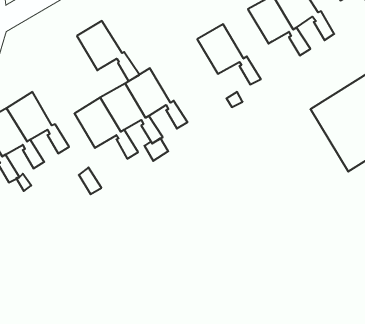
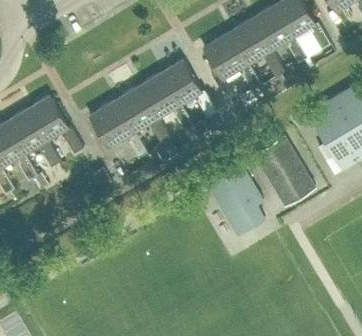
building: none -> [227,19,285,76]
building: [77,21,139,81] -> [159,60,217,116]
building: none -> [254,135,315,204]
building: none -> [211,163,265,233]

